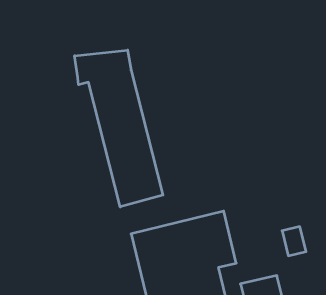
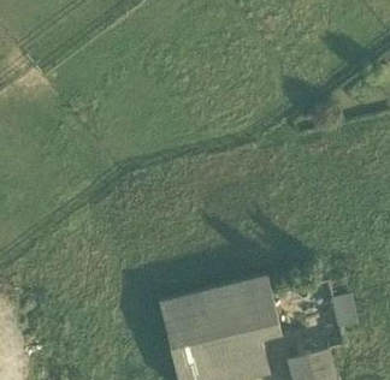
building: [75,50,163,207] -> none

